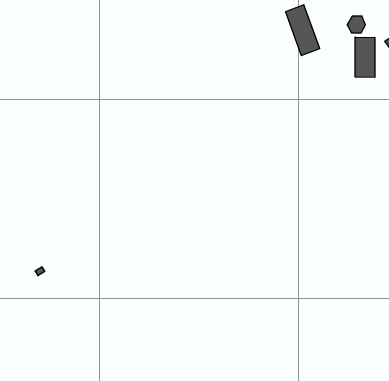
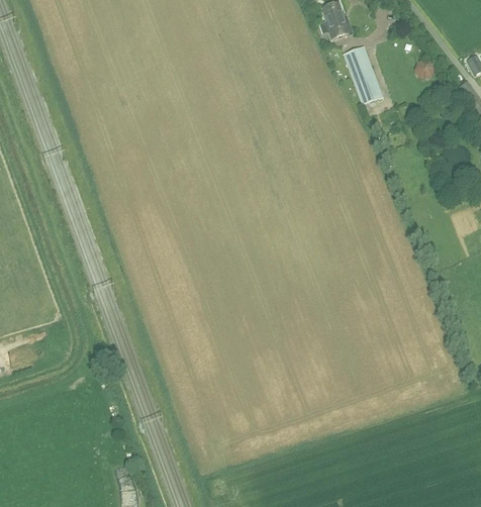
building: [355,37,375,77] -> none

